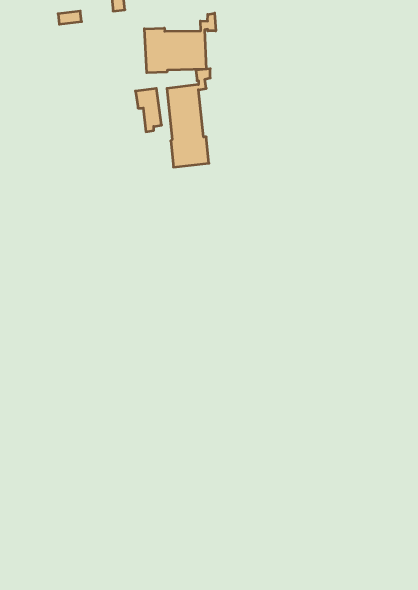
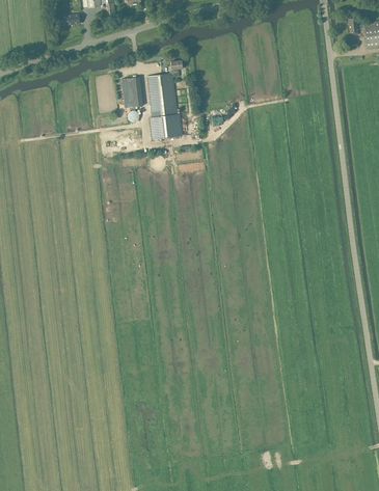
building: [144,13,216,73] -> none

